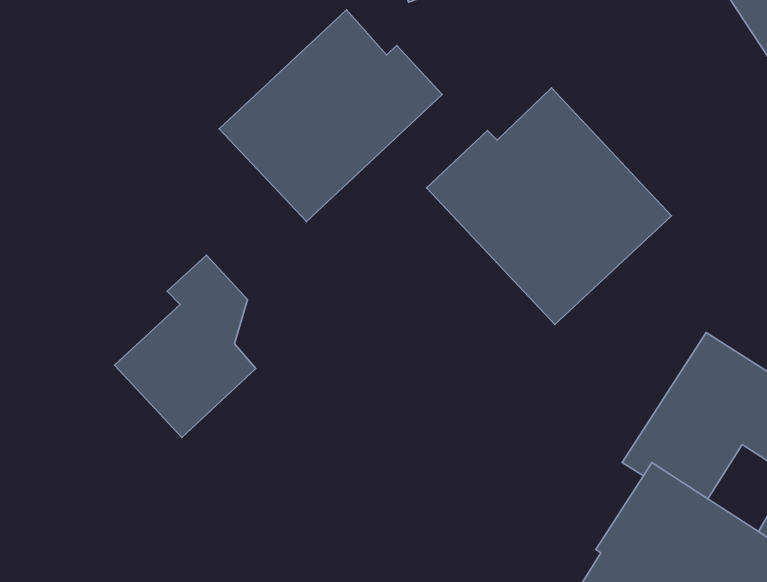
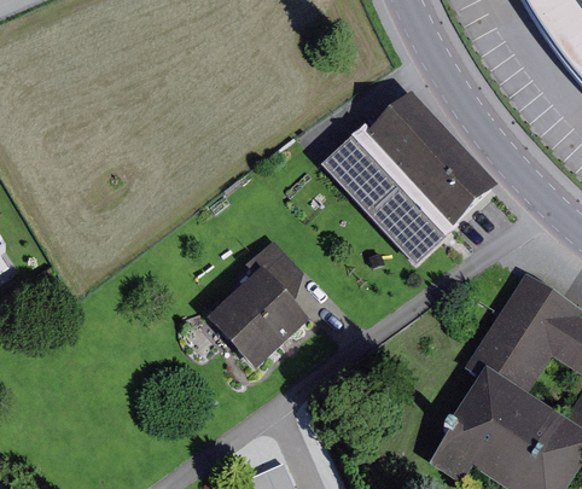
building: [219,10,442,221] -> none
building: [114,255,256,438] -> [205,237,309,371]

